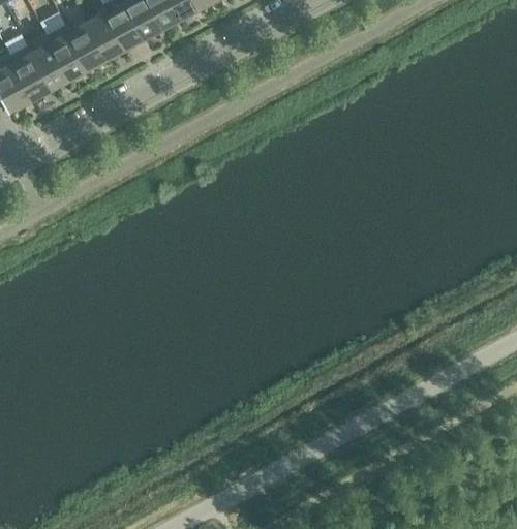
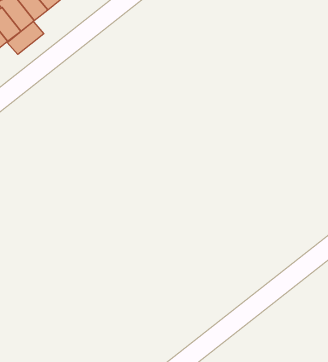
building: none -> [7,21,44,54]

